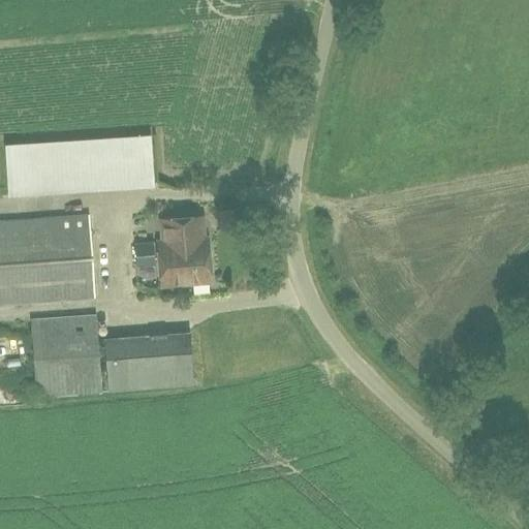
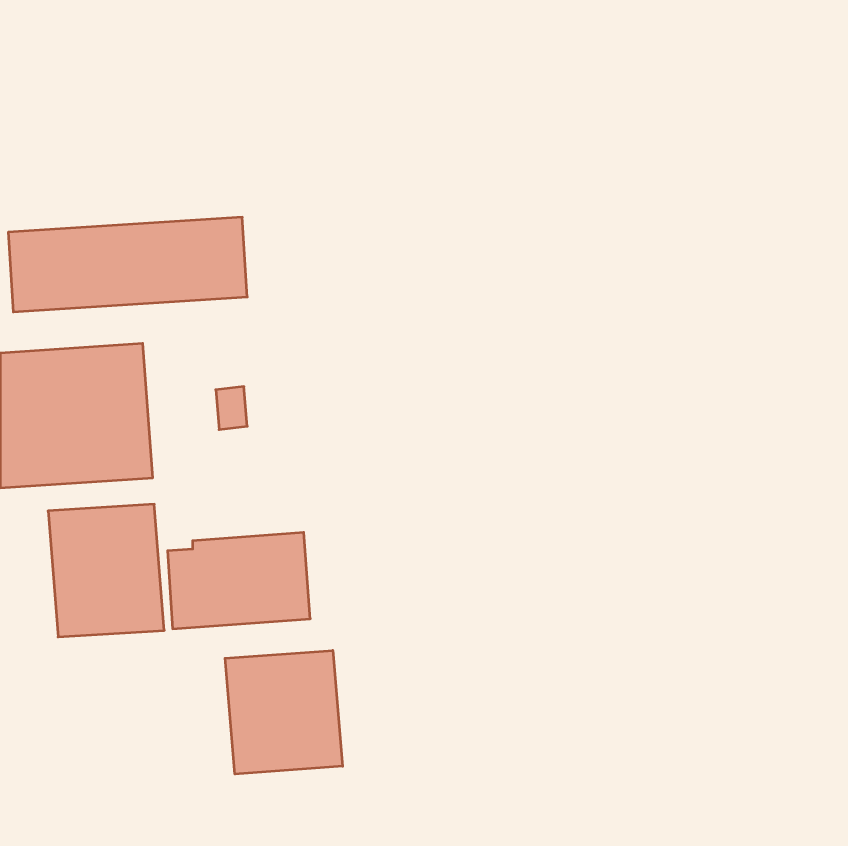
building: [157,217,210,285] -> none
building: none -> [225,650,343,774]

